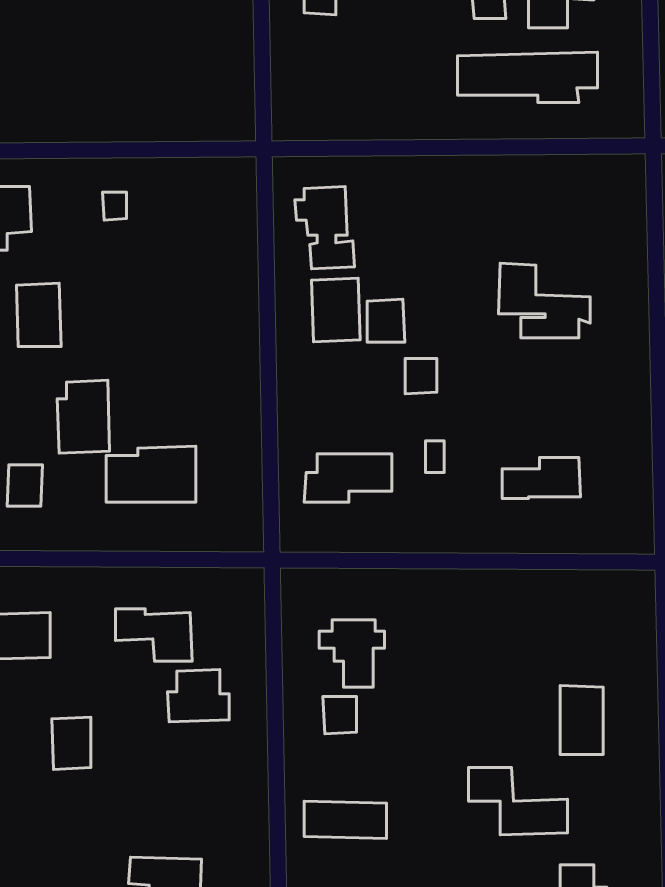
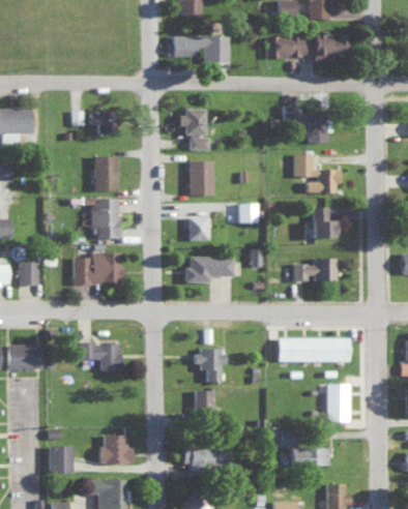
building: none -> [173,36,230,62]
building: none -> [281,106,329,144]
building: none -> [90,113,116,134]
building: [16,283,61,347] -> [93,156,118,191]
building: [367,299,405,342] -> [188,217,209,241]
building: none -> [312,207,334,238]
building: [57,380,110,453] -> [91,199,120,239]
building: none -> [278,338,352,363]
building: [167,669,229,722] -> [98,436,133,465]
building: [52,717,91,769] -> [51,446,72,475]

